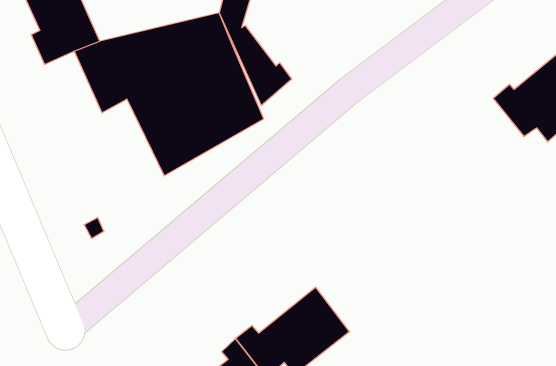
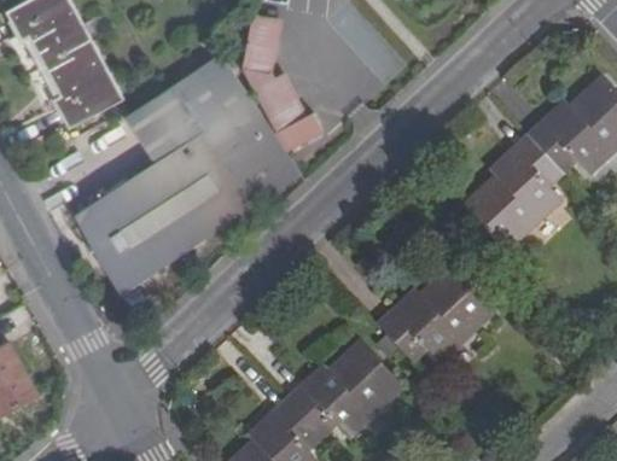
building: none -> [464,138,561,252]
building: none -> [77,165,200,293]
building: none -> [377,264,494,361]

